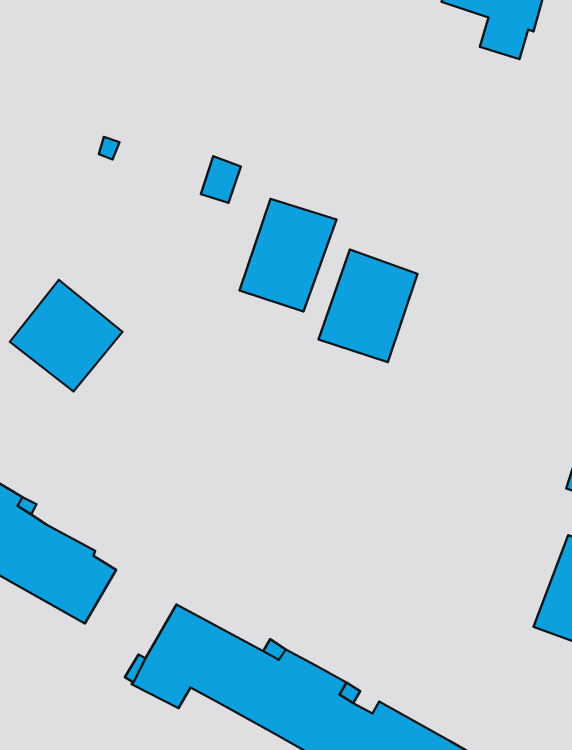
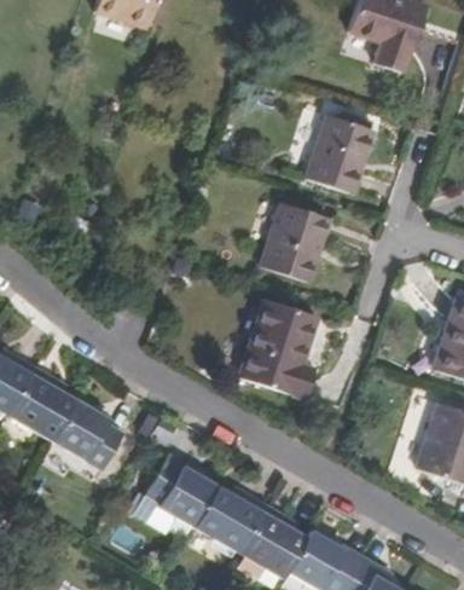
building: [239,199,336,311] -> [308,118,376,197]
building: [10,280,123,392] -> none
building: none -> [233,299,317,401]

